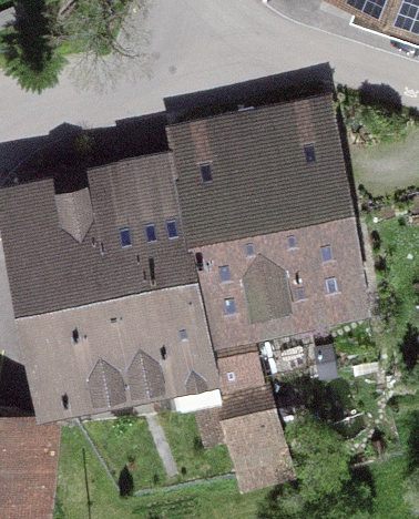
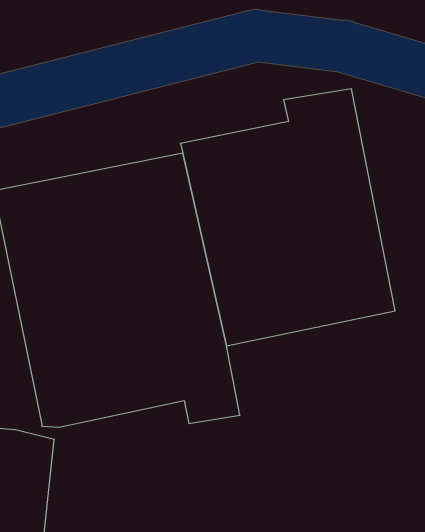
building: [223,388,290,487] -> none

